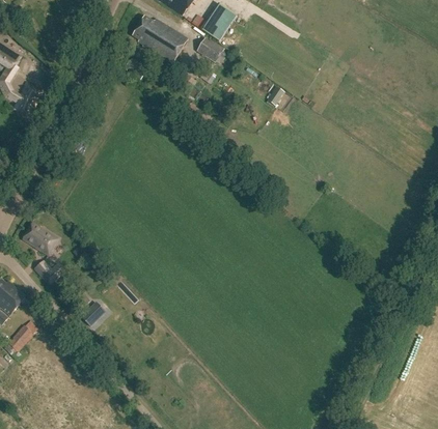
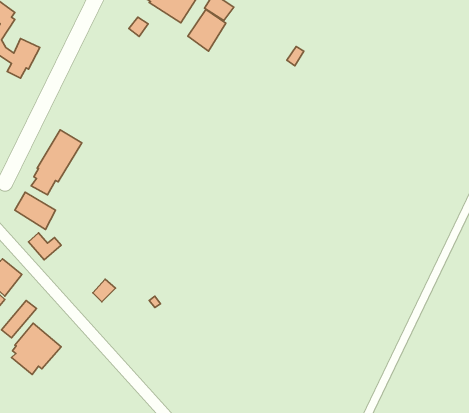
building: none -> [188,9,226,51]
building: none -> [31,130,82,195]
building: none -> [11,323,61,374]

